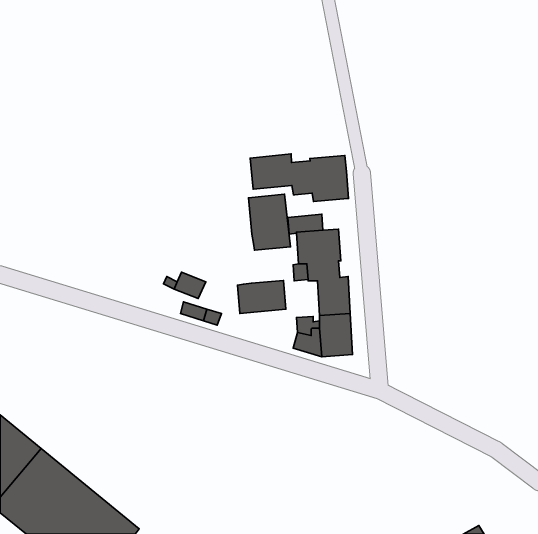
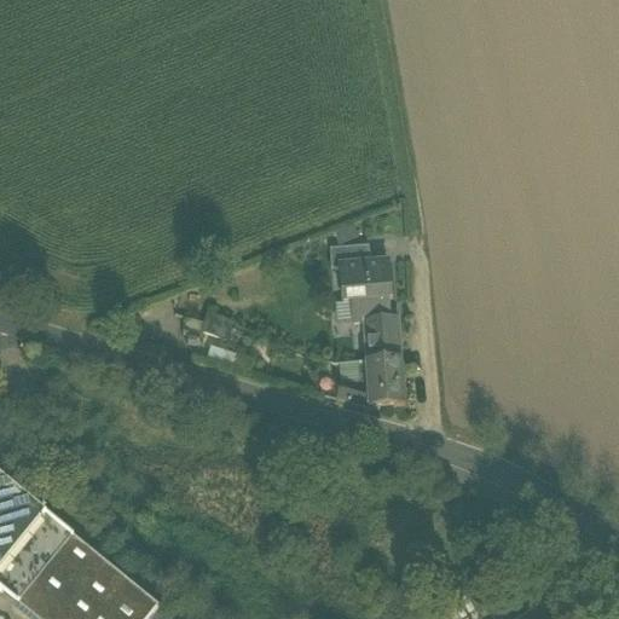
building: [250,154,349,202] -> none
building: [249,194,290,250] -> none
building: [238,281,286,313] -> none

